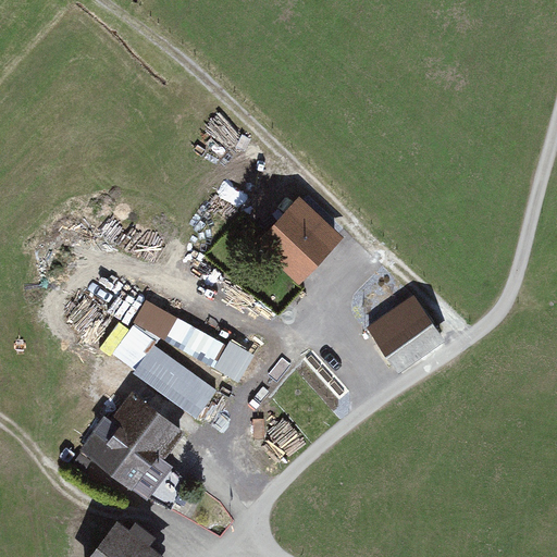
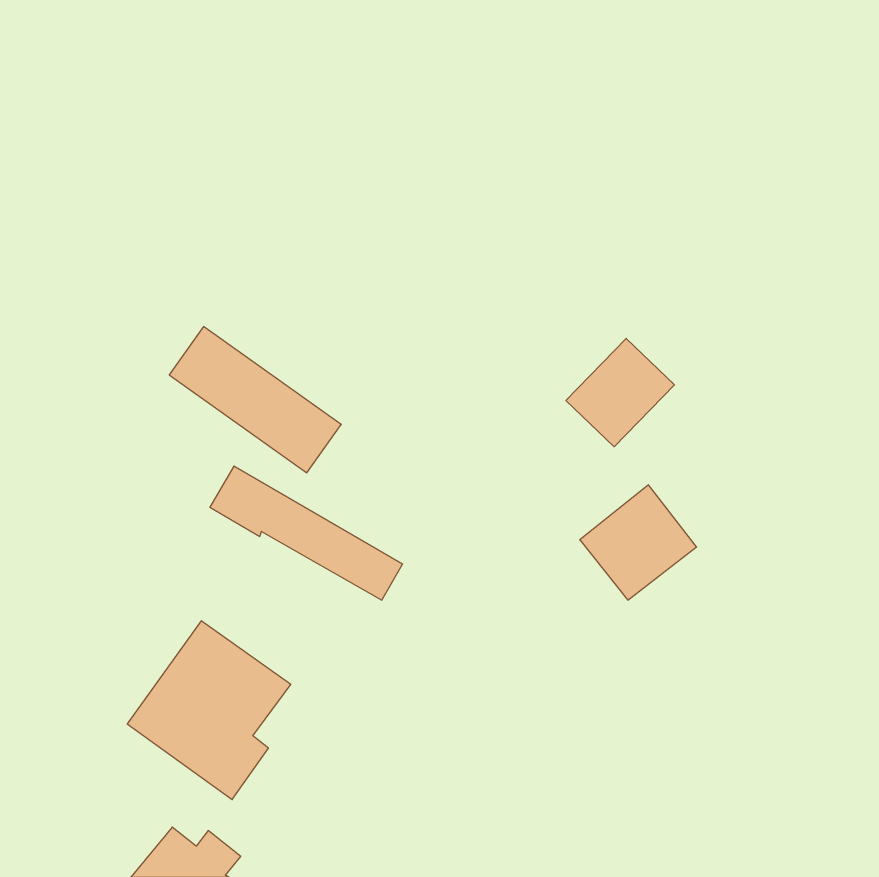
building: [267,211,335,280] -> [566,338,674,447]
building: [111,324,220,417] -> [169,327,341,473]

